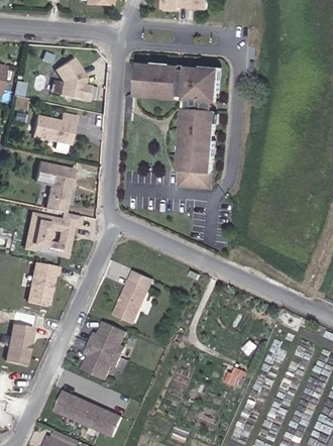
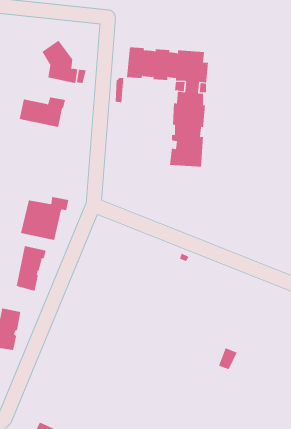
building: [33,161,72,212] -> none
building: [115,277,149,321] -> none
building: [84,320,127,376] -> none
building: [57,388,123,435] -> none

